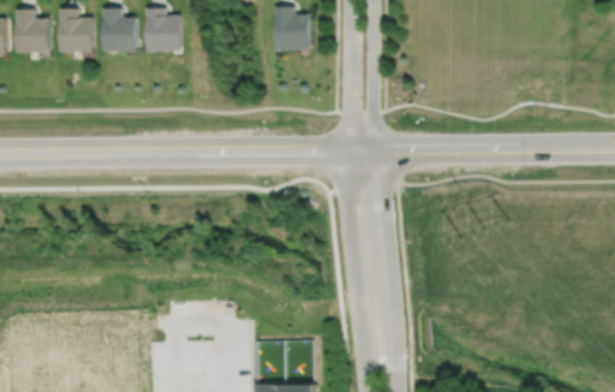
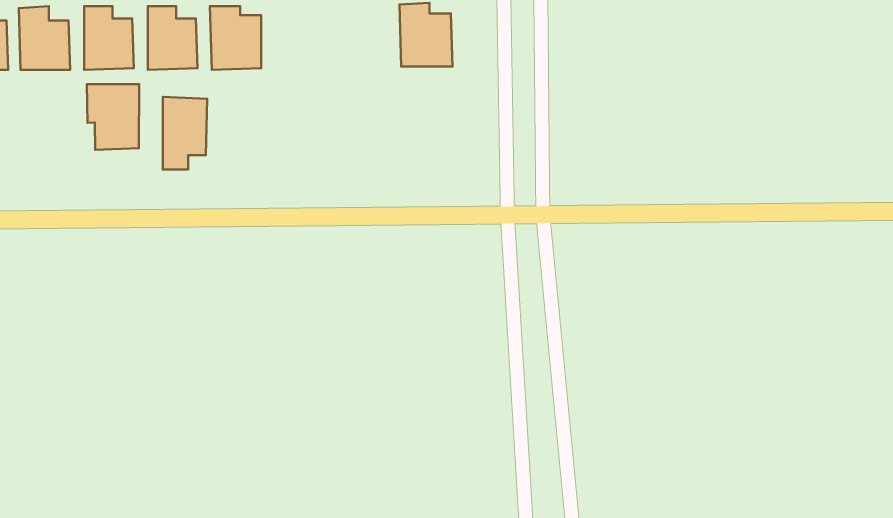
building: none -> [87,84,139,150]
building: none -> [163,97,207,169]

